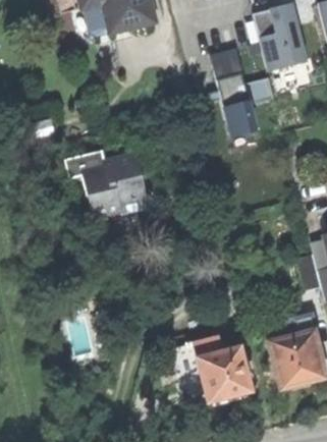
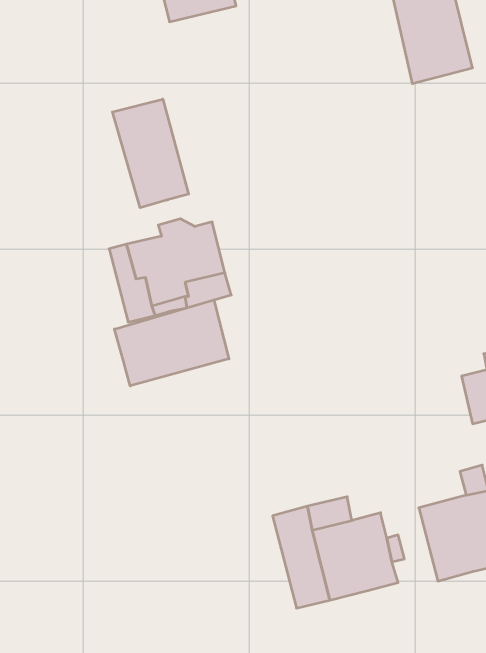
building: [208,48,273,136] -> none
building: none -> [112,99,189,208]
building: none -> [114,300,229,386]

